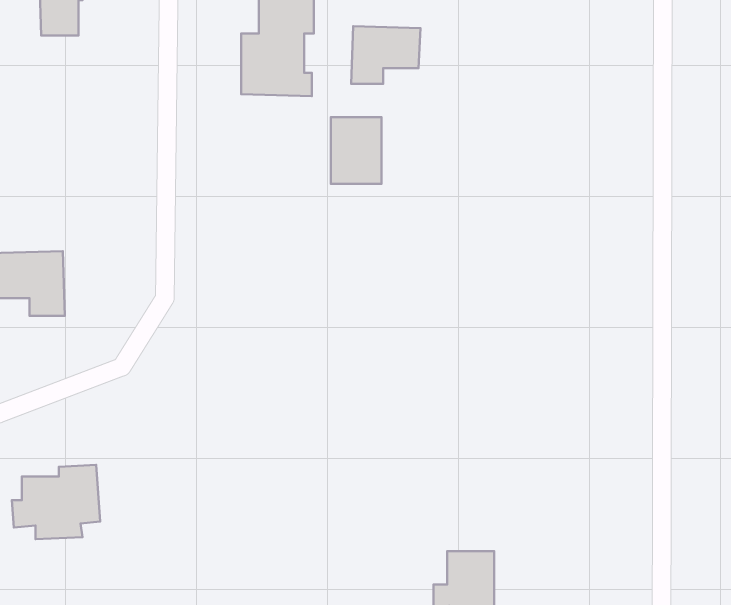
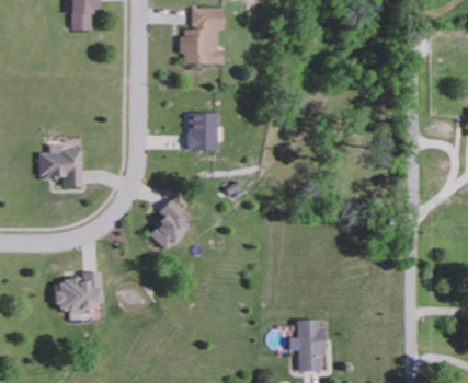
building: [351,26,420,84] -> none
building: [331,117,382,184] -> [189,114,217,151]
building: none -> [147,199,187,251]

